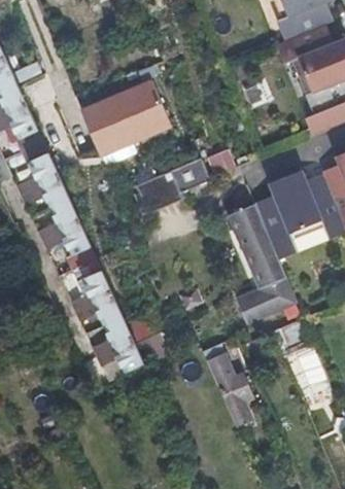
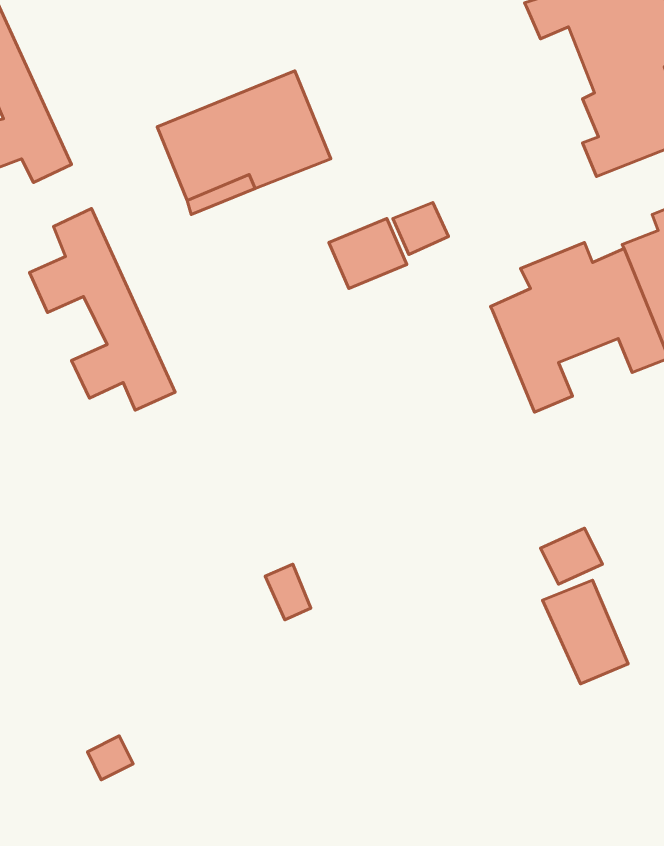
building: [138,170,181,208] -> none
building: [230,205,295,322] -> none
building: [71,271,144,373] -> none
building: [207,352,252,427] -> none

